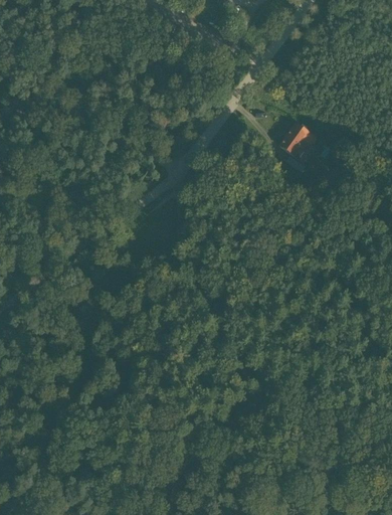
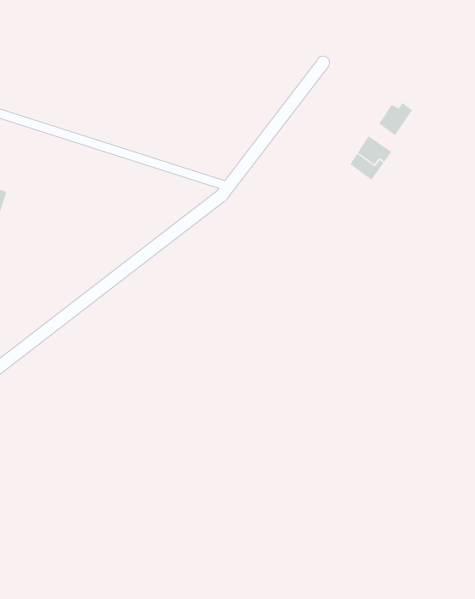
building: none -> [378,102,413,136]

